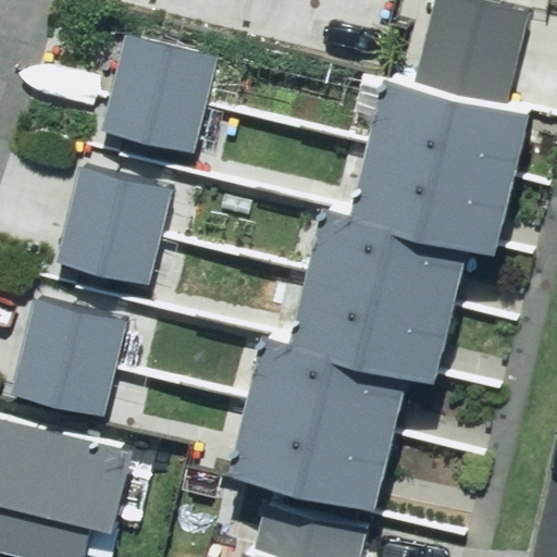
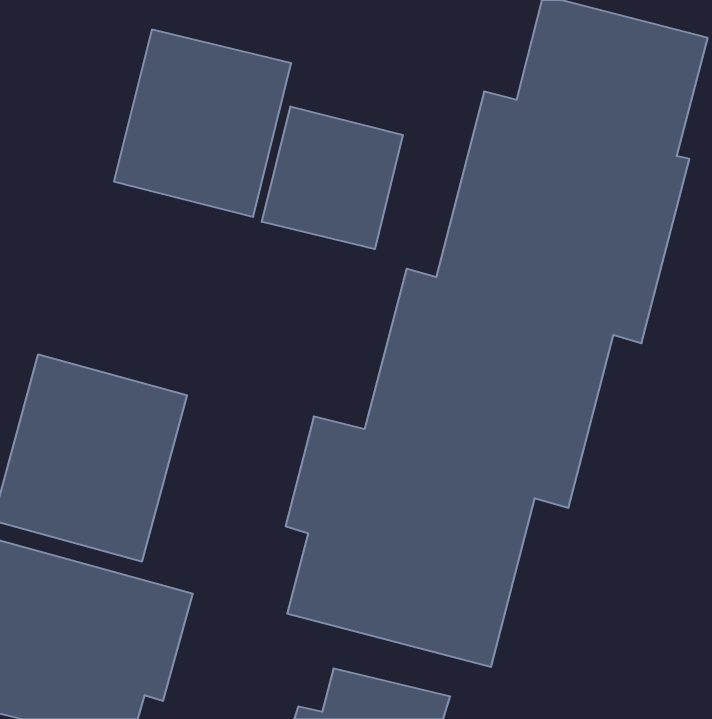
building: none -> [262,106,403,249]
building: [33,146,183,297] -> none

